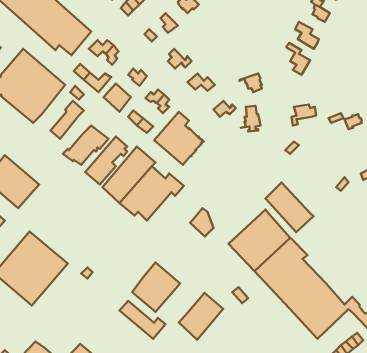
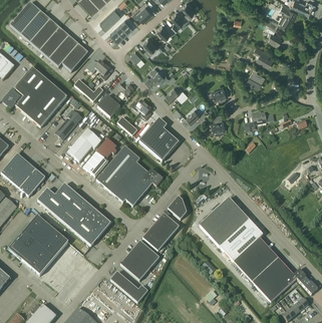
building: [265,183,313,232] -> none
building: none -> [37,184,110,247]
building: [179,293,223,340] -> [142,214,179,252]

